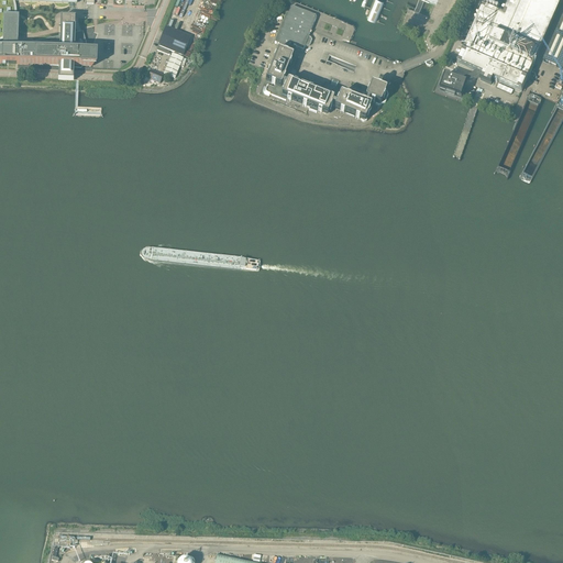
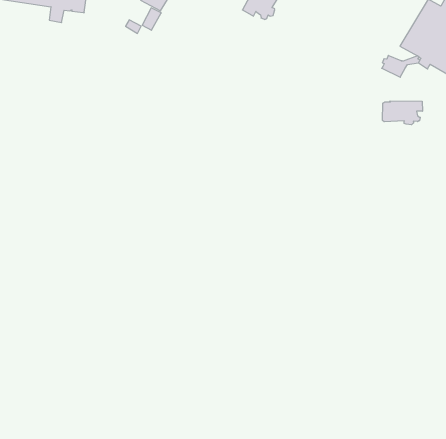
building: [263,47,388,119] -> none
building: none -> [383,101,422,125]

